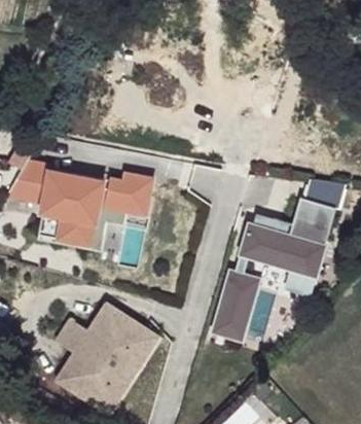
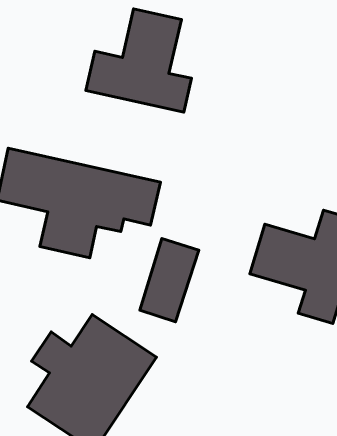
building: none -> [86,9,191,112]
building: [212,268,260,340] -> [140,239,199,322]

